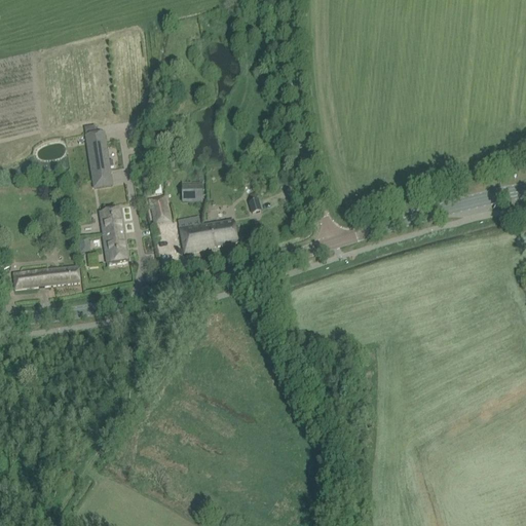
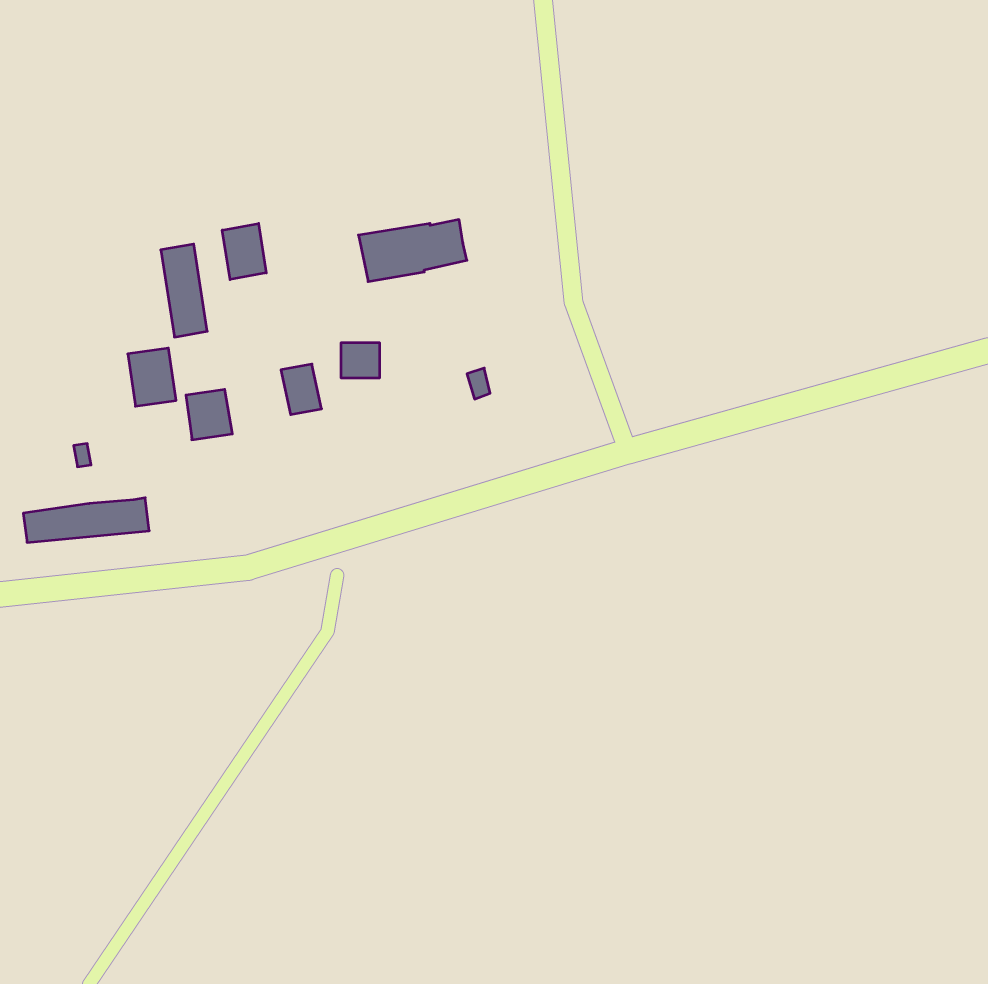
building: none -> [222,223,266,280]
building: [179,219,236,252] -> [358,220,467,282]
building: [102,230,127,261] -> [128,348,176,406]

